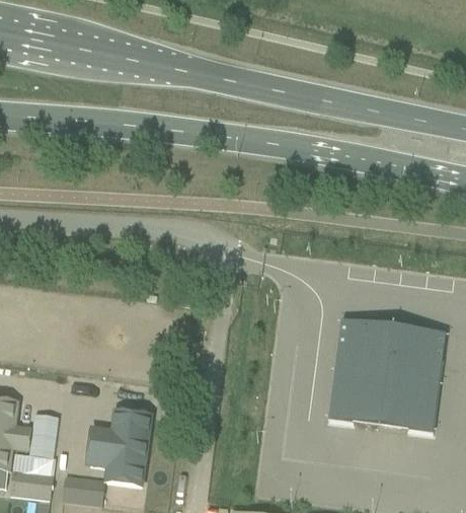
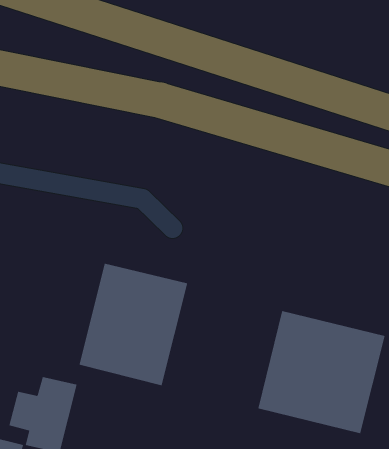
building: none -> [79,263,188,386]

